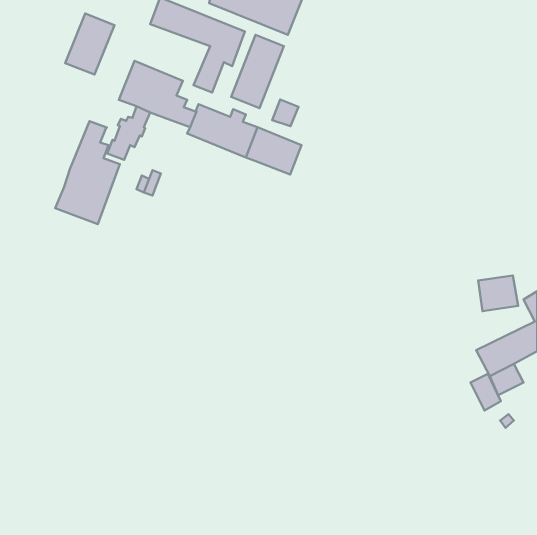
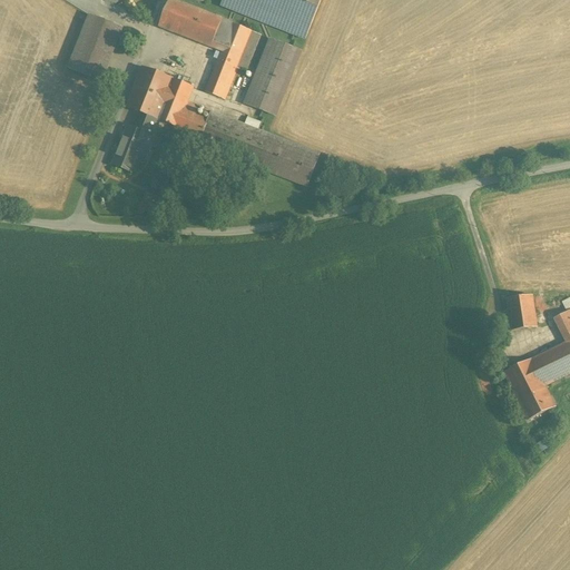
building: [272,100,299,126] -> none
building: [55,121,120,224] -> none
building: [471,374,501,411] -> none

